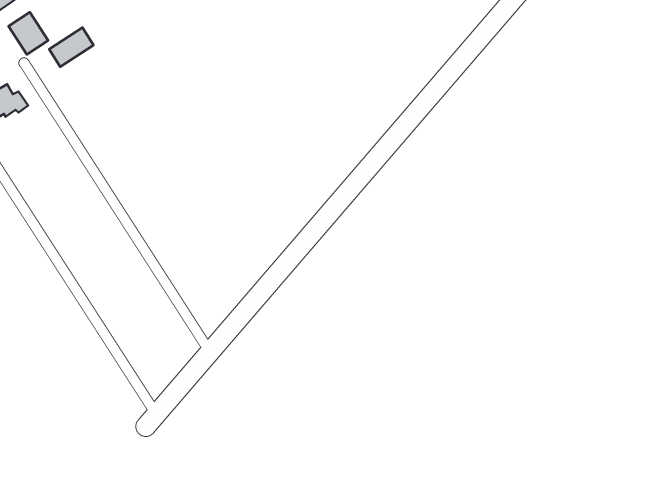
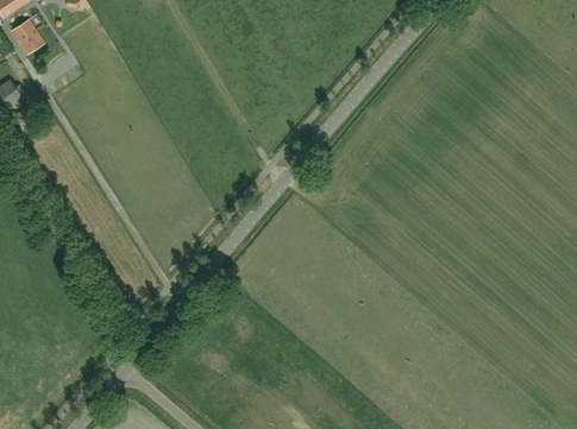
building: [49,27,94,67] -> none

